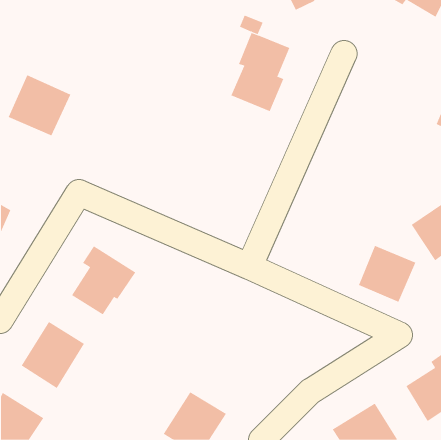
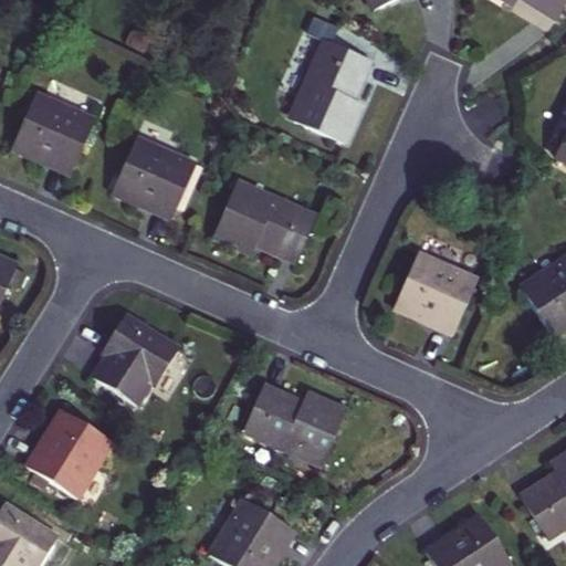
building: none -> [114,138,196,217]
building: none -> [213,185,314,262]
building: [358,245,416,303] -> [394,261,468,334]
building: none -> [239,380,342,457]

